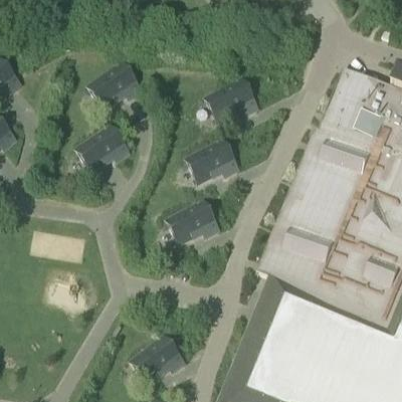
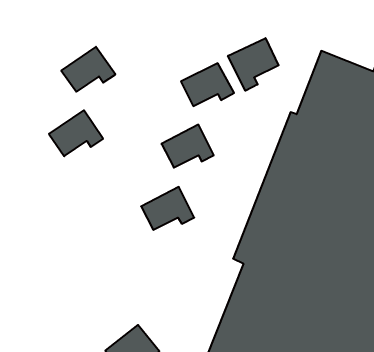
building: none -> [228,38,279,91]

